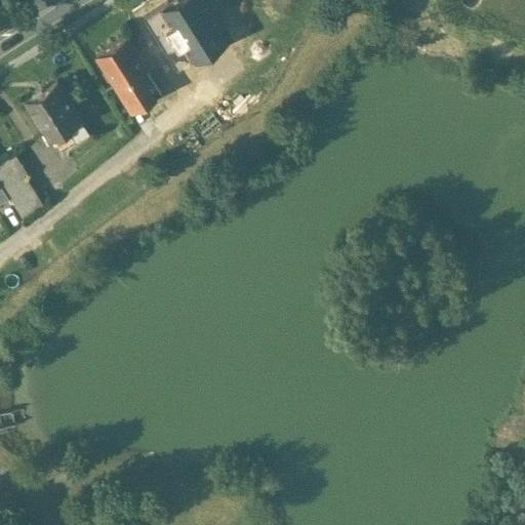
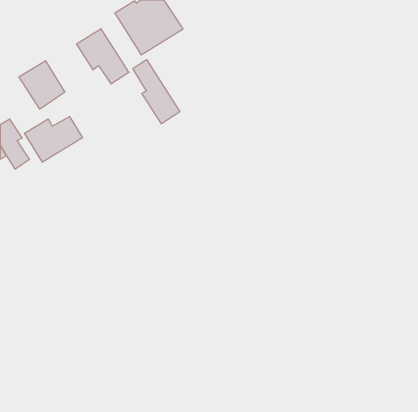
building: none -> [133,60,180,124]
building: none -> [25,116,83,162]

